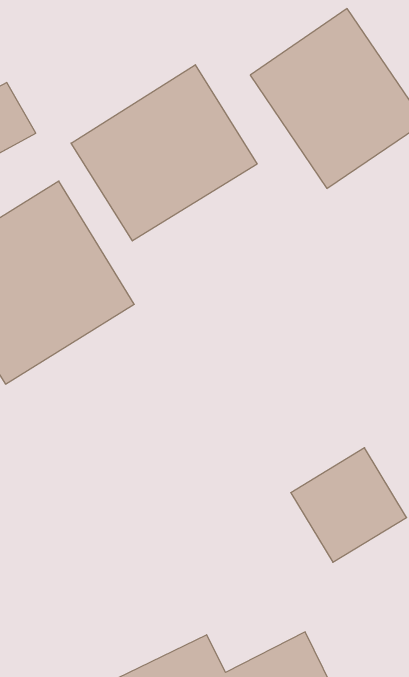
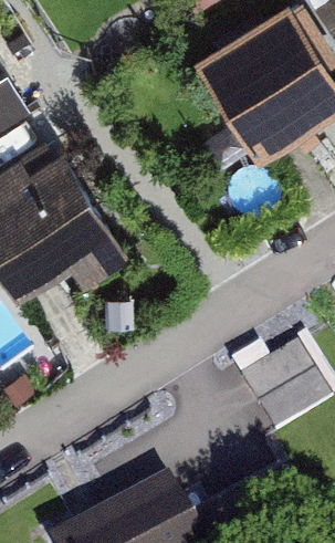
building: [71,65,257,241] -> none

